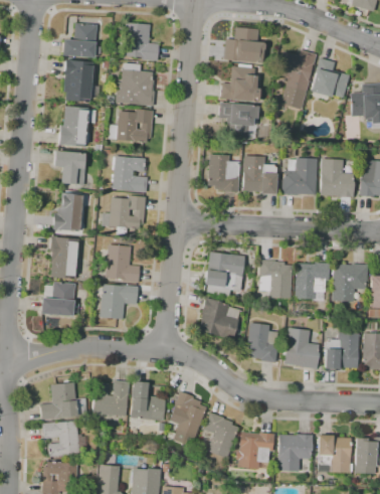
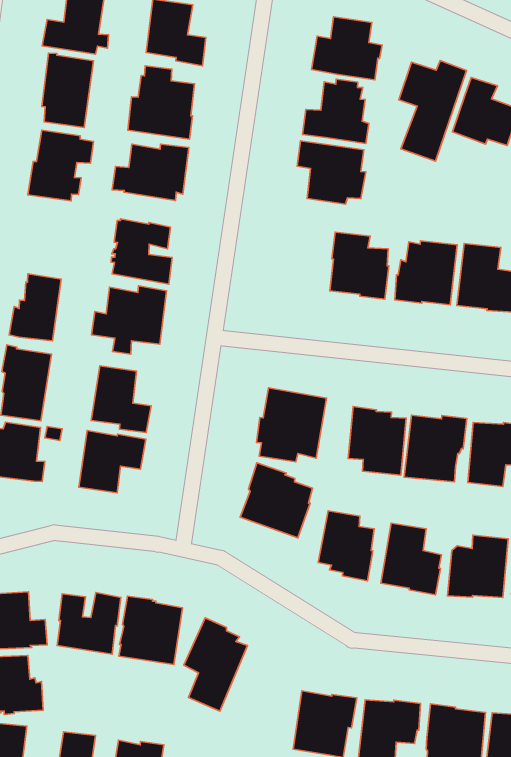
building: [54,151,86,185] -> none
building: [208,154,240,192] -> none
building: [204,413,239,459] -> none

